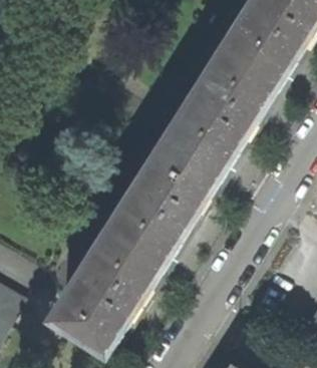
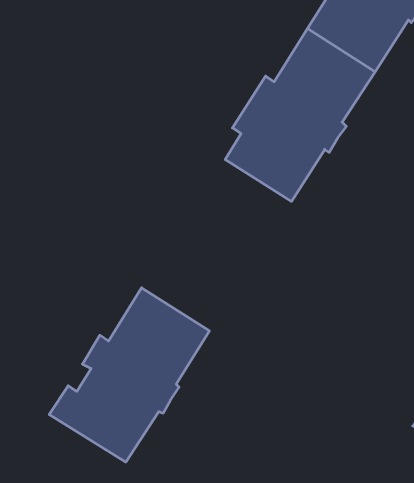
building: [120,136,225,256] -> none

